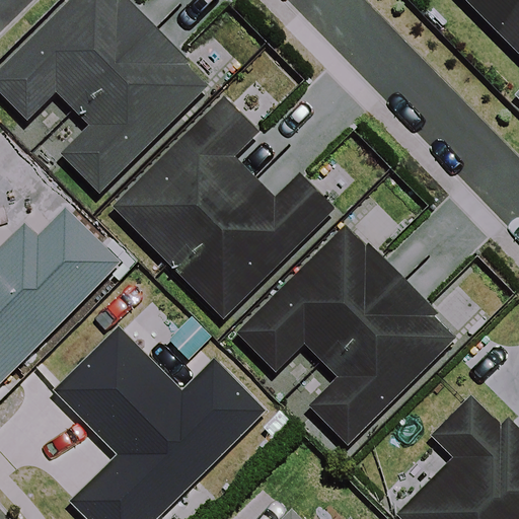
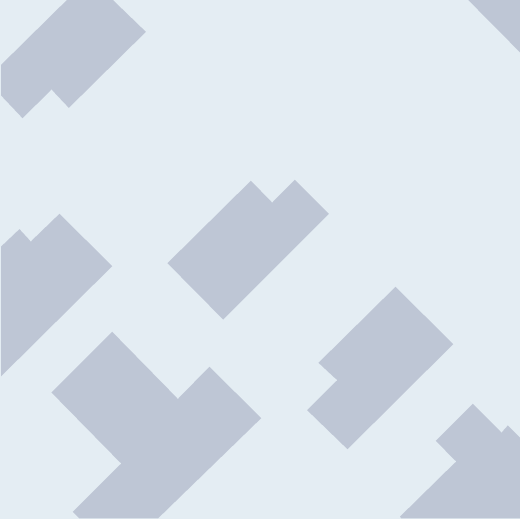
building: [61,31,205,192] -> none
building: [115,98,254,260] -> none
building: [237,227,395,368] -> none

